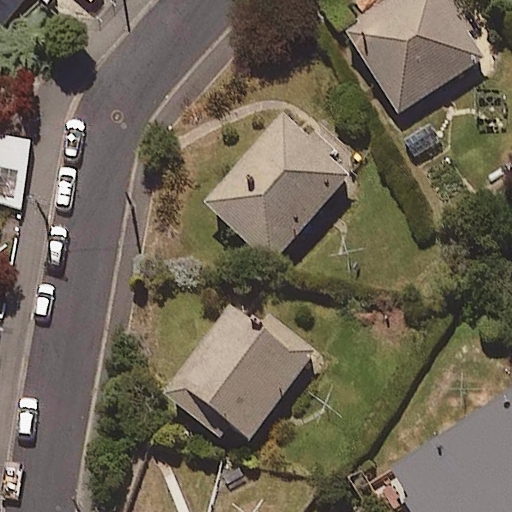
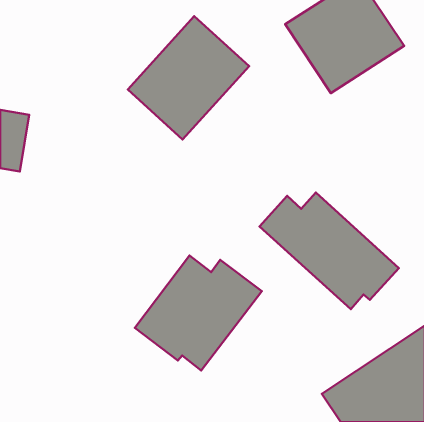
building: [203,115,349,263] -> [128,16,249,139]
building: none -> [259,193,399,309]

